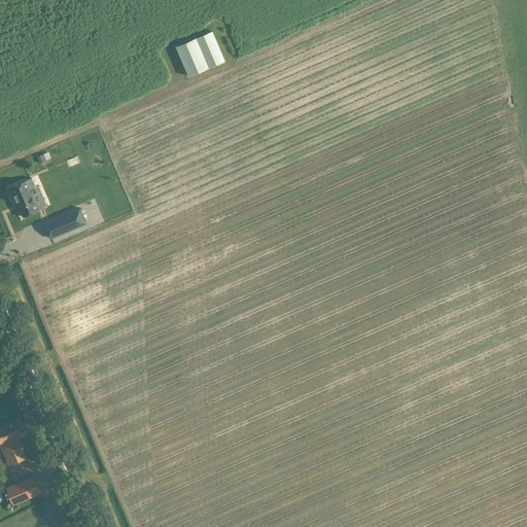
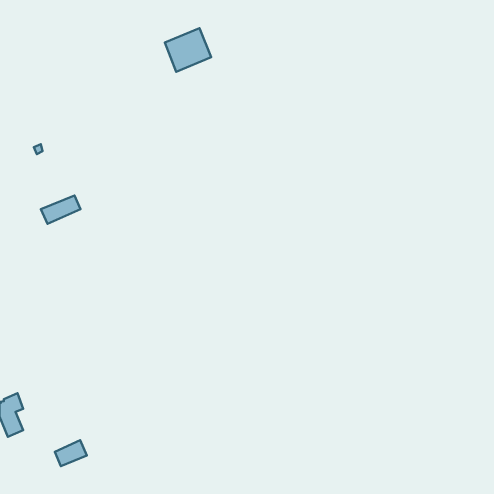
building: [9,179,38,217] -> none
building: [6,477,40,504] -> [55,440,87,466]

